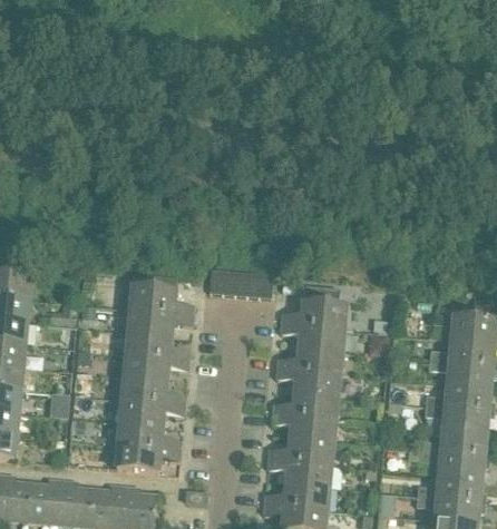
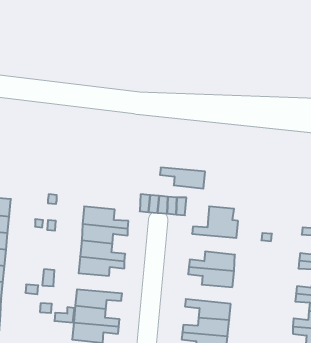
building: [281,323,343,352] -> [160,168,205,189]
building: [123,378,185,405] -> none
building: [273,393,338,420] -> none

